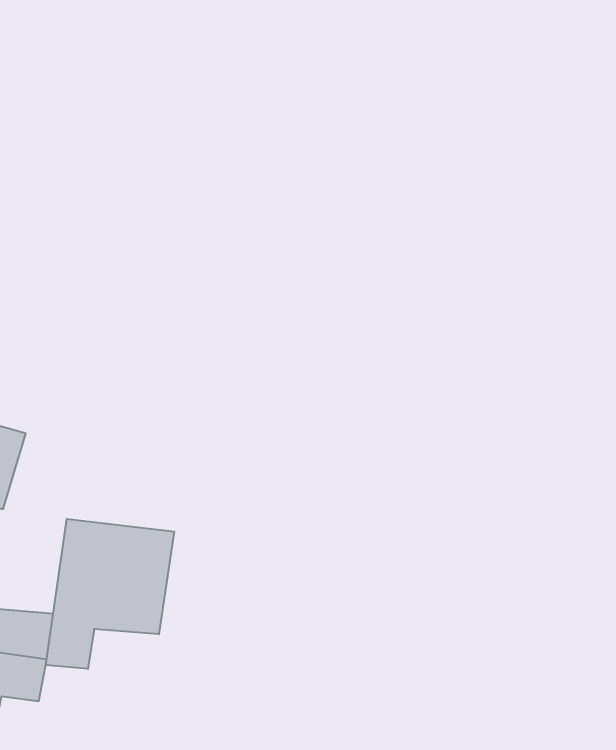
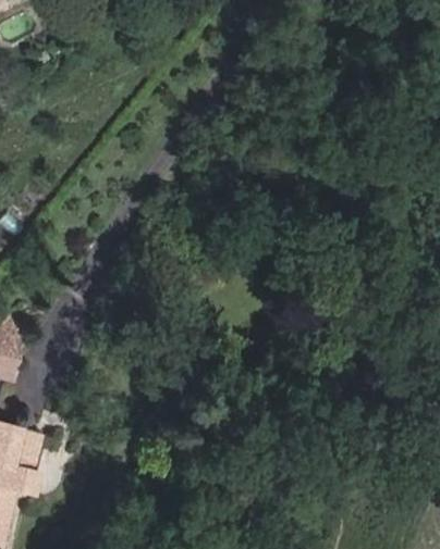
building: [46,519,174,669] -> none

